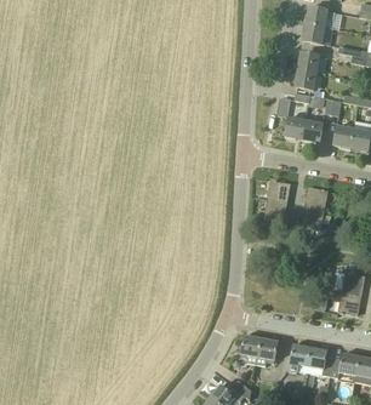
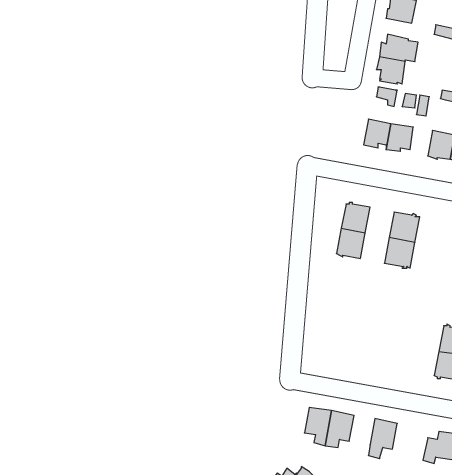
building: [306,347,333,375] -> none

